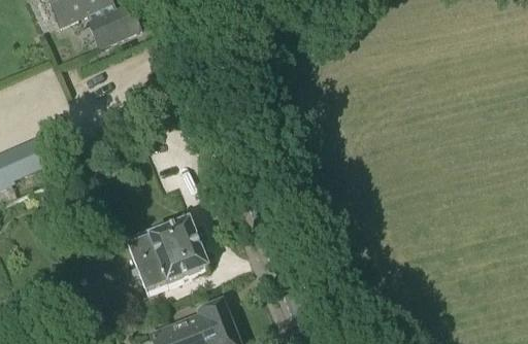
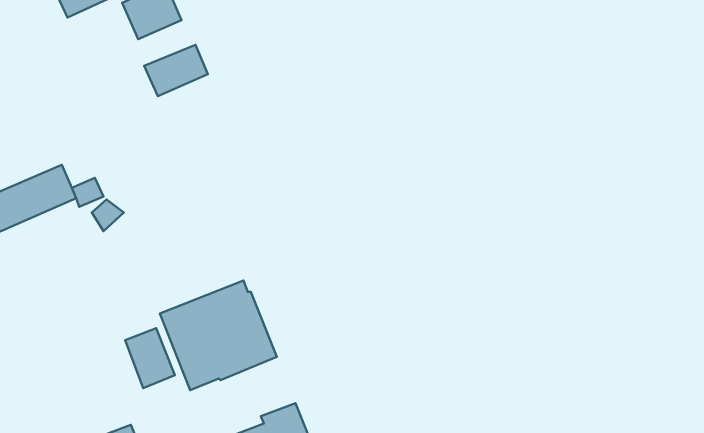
building: none -> [144,45,208,96]
building: none -> [125,328,175,388]

